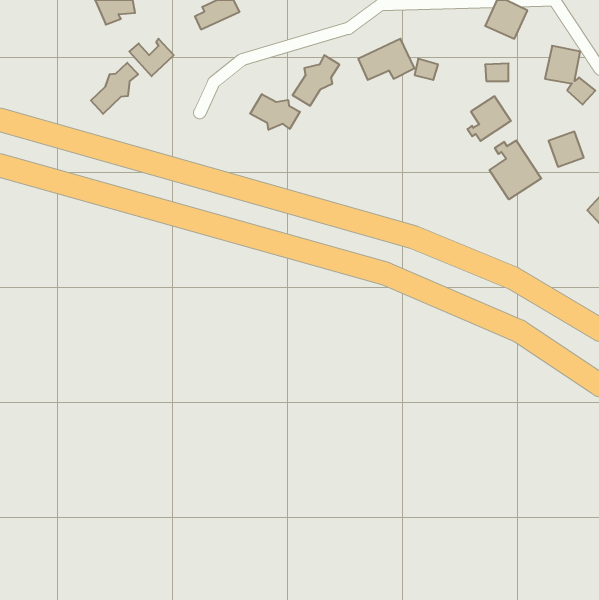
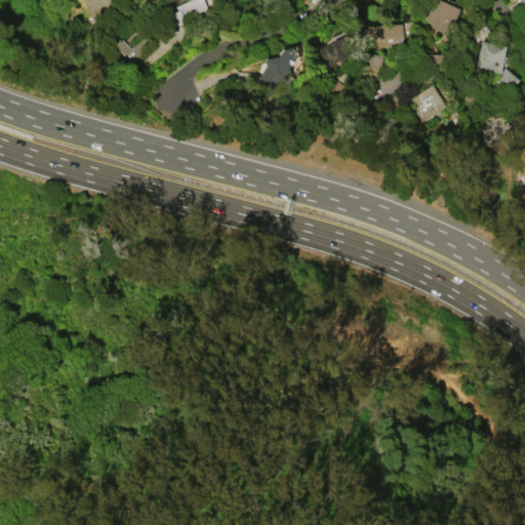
building: none -> [371,24,405,46]
building: [91,63,138,114] -> none
building: [250,94,300,130] -> none
building: [490,140,541,199] -> none

